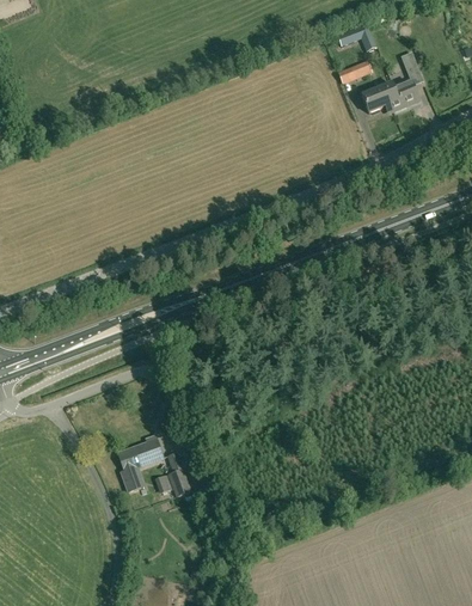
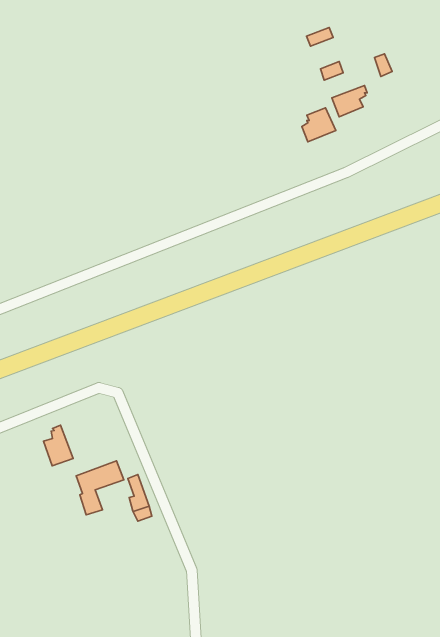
building: [387,78,419,110] -> [302,108,336,142]
building: none -> [44,425,73,466]

